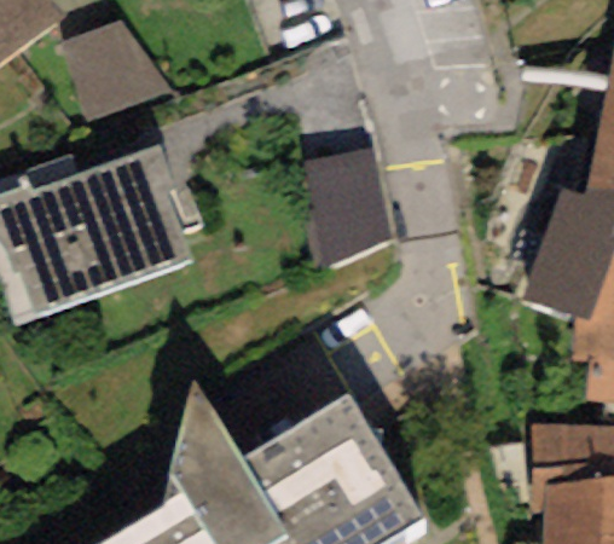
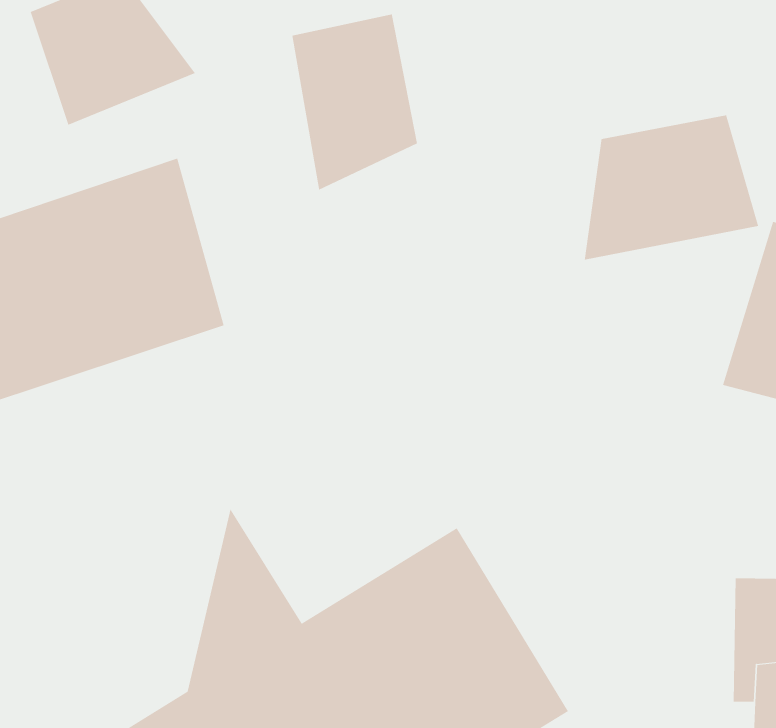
building: none -> [584,114,759,261]
building: [303,149,388,267] -> [292,14,418,190]

